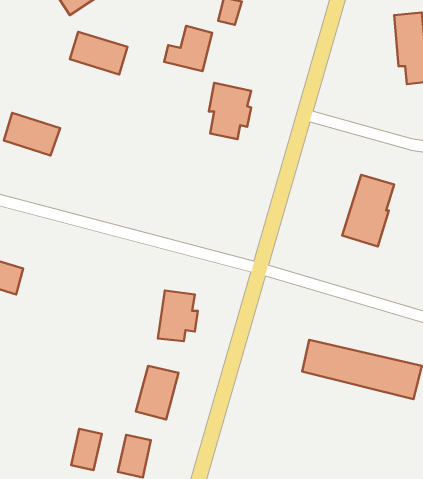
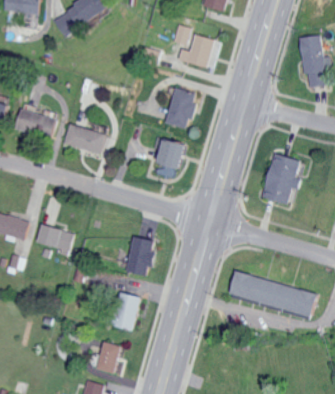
building: [164,26,212,71] -> [178,34,213,67]
building: [70,32,128,74] -> [63,123,105,154]
building: none -> [151,137,184,174]
building: none -> [36,225,73,250]
building: [71,429,102,470] -> none

